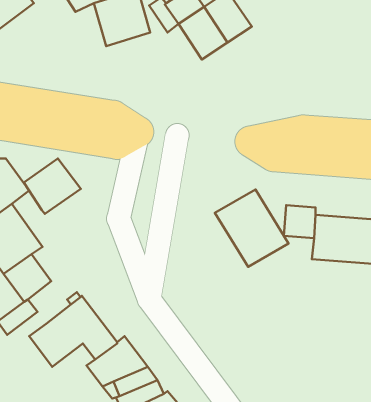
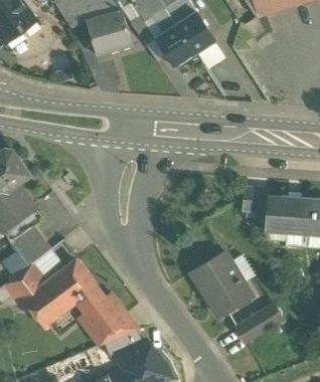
building: [24,158,81,214] -> none
building: [215,190,288,267] -> [191,251,252,315]
building: none -> [14,273,46,311]
building: none -> [237,308,276,340]

